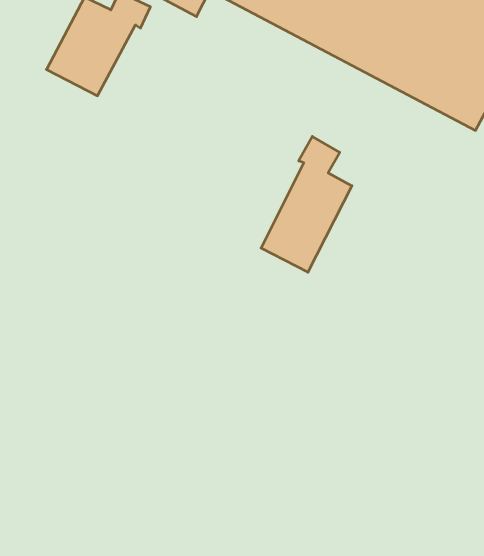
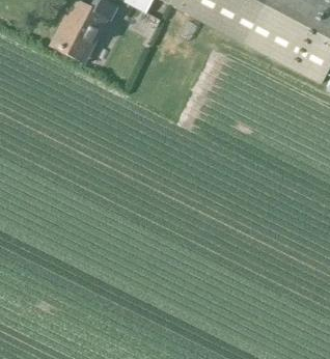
building: [261,136,352,272] -> none

